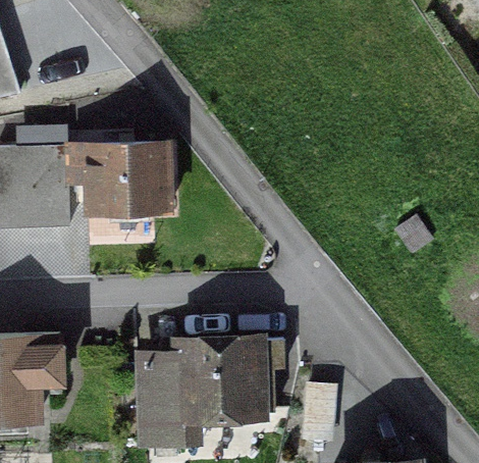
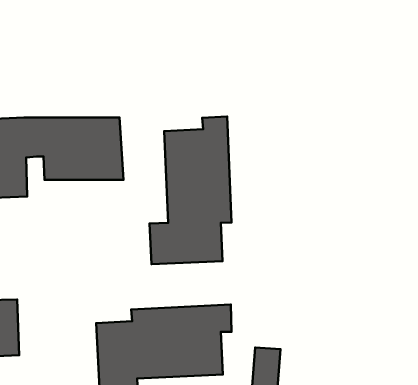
building: none -> [150,116,232,264]

